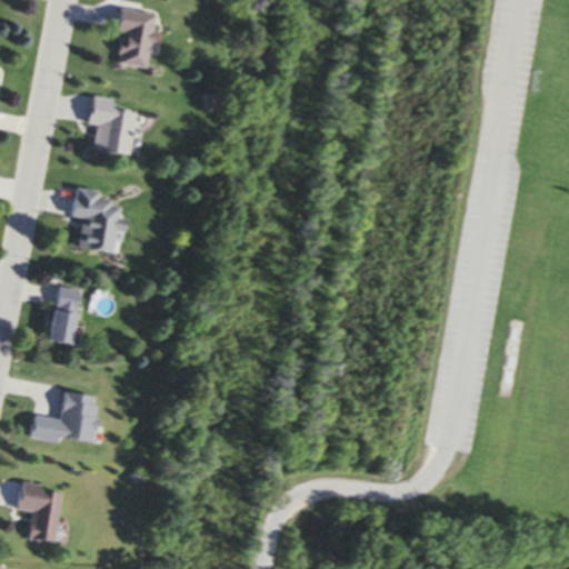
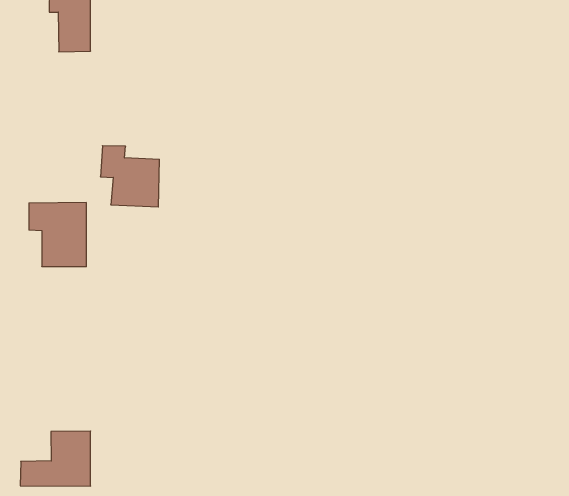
building: [88,96,141,156] -> [100,146,159,207]
building: [48,284,83,345] -> none

